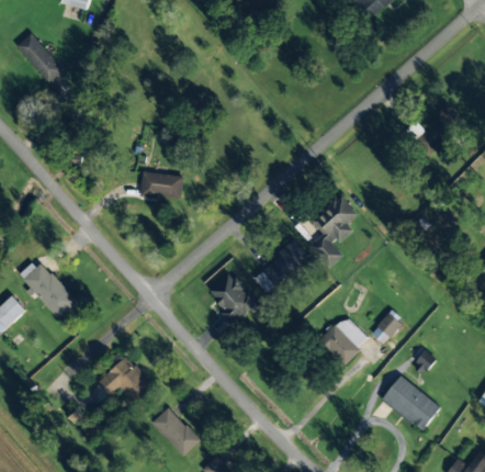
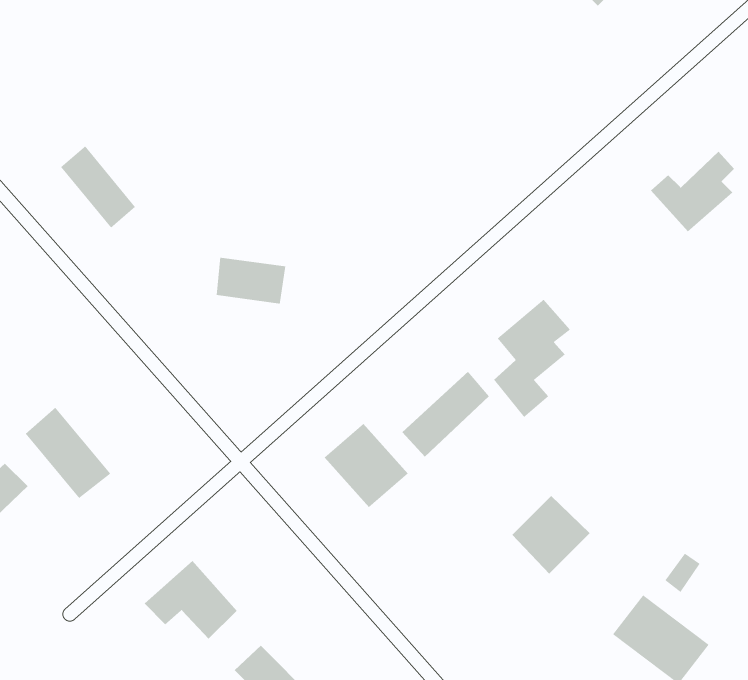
building: [16,32,63,82] -> [60,146,136,228]
building: [371,312,402,344] -> none

